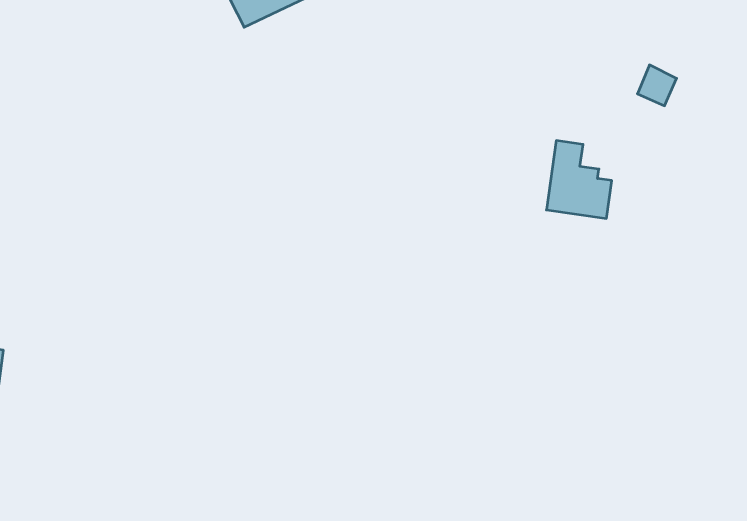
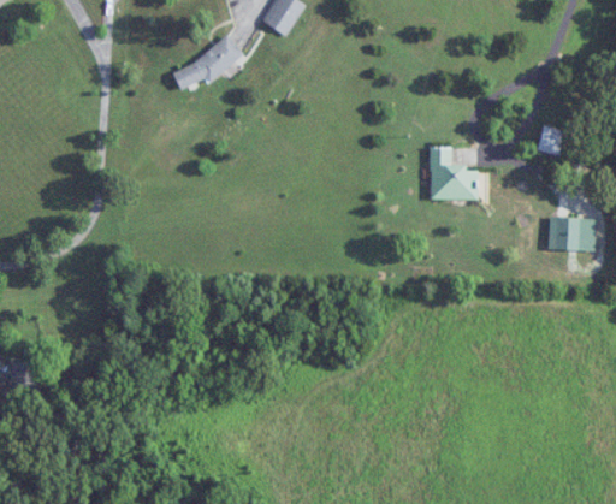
building: [637,65,677,106] -> [538,125,565,154]
building: none -> [549,217,580,248]

